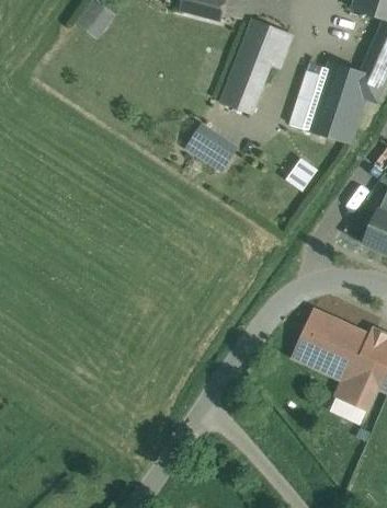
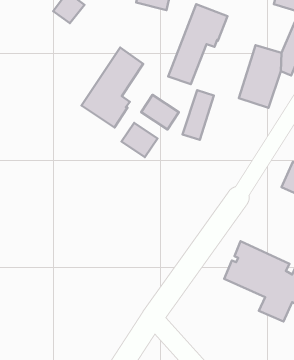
building: none -> [81,47,143,127]
building: [288,67,328,129] -> [182,90,214,140]
building: none -> [122,123,157,157]

